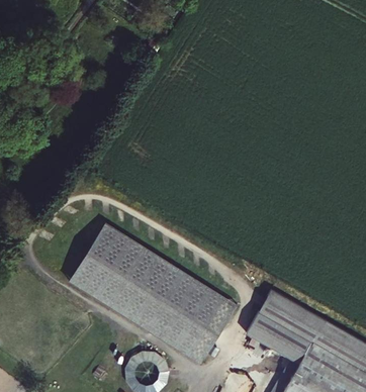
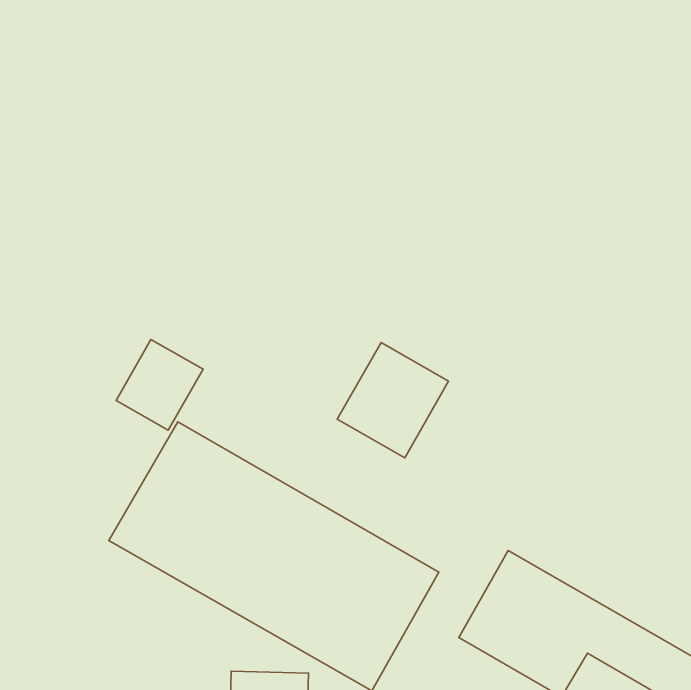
building: none -> [116,339,203,430]
building: none -> [337,343,449,458]

